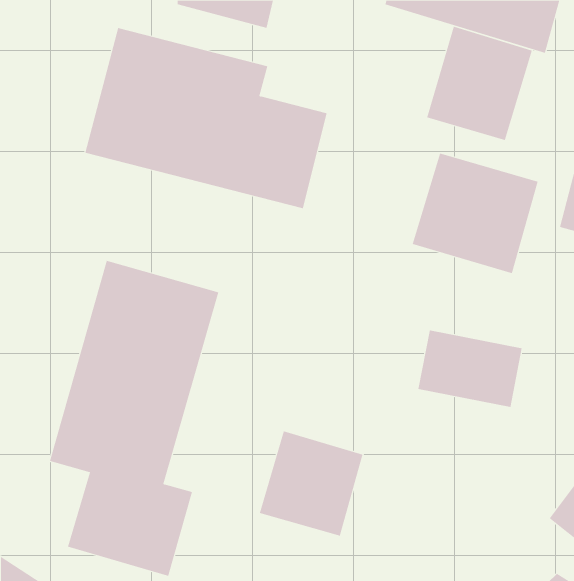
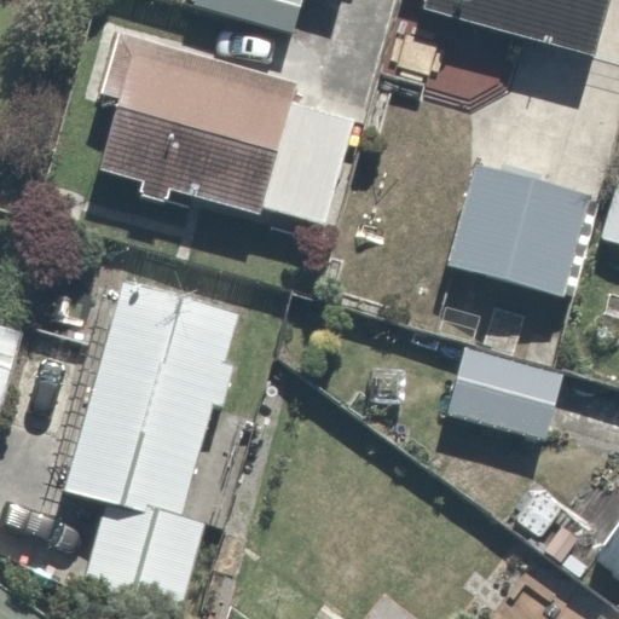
building: [426,26,533,141] -> none
building: [259,431,363,537] -> none

